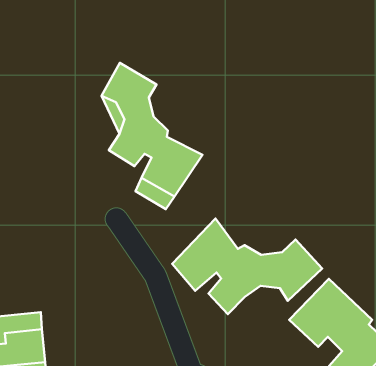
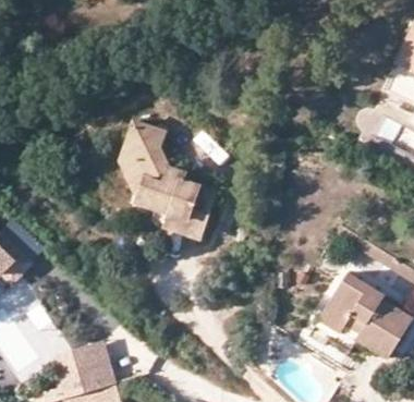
building: [172,219,322,314] -> none

